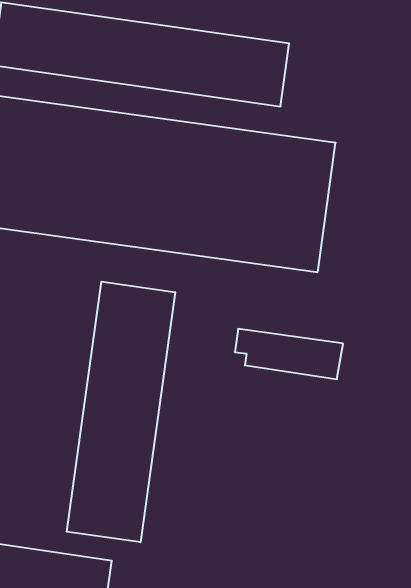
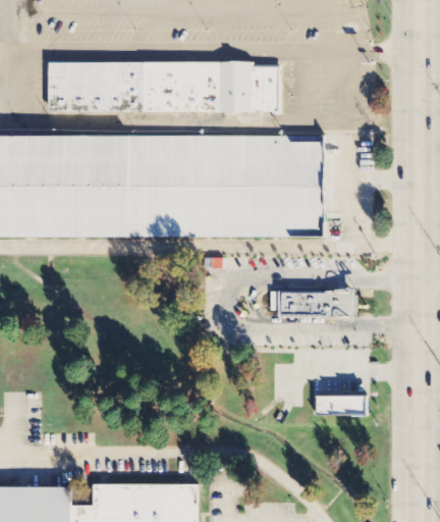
building: [67,282,175,542] -> none
building: none -> [313,395,368,417]

